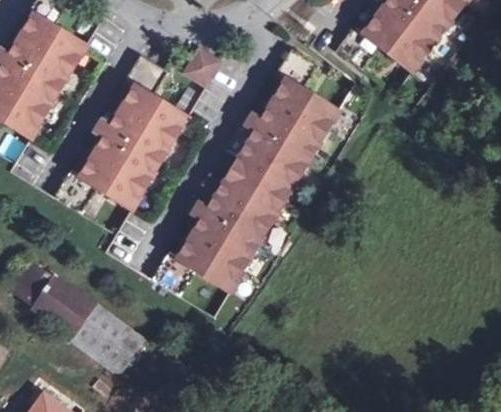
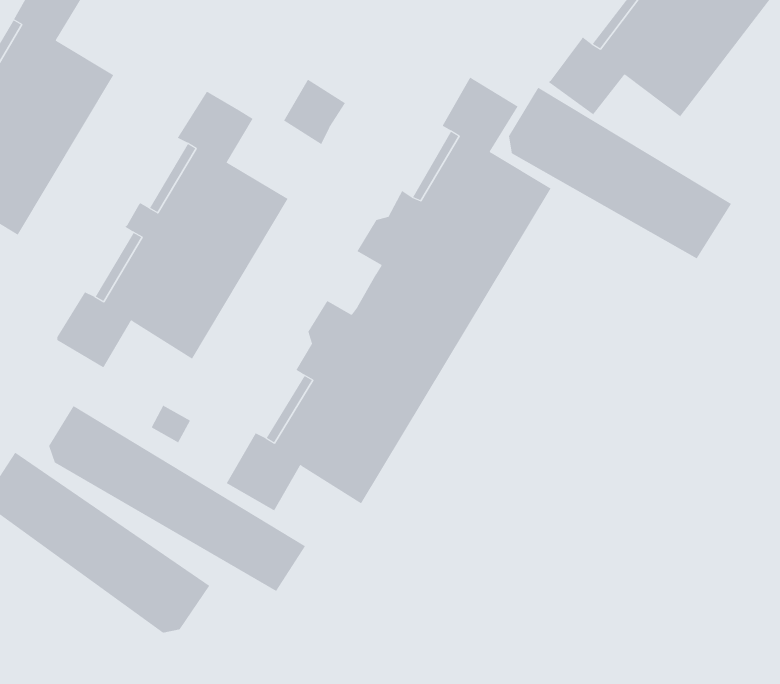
building: none -> [508,87,732,259]
building: none -> [48,405,306,592]

